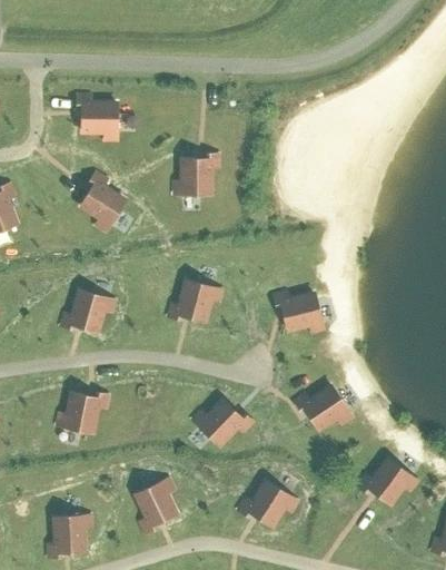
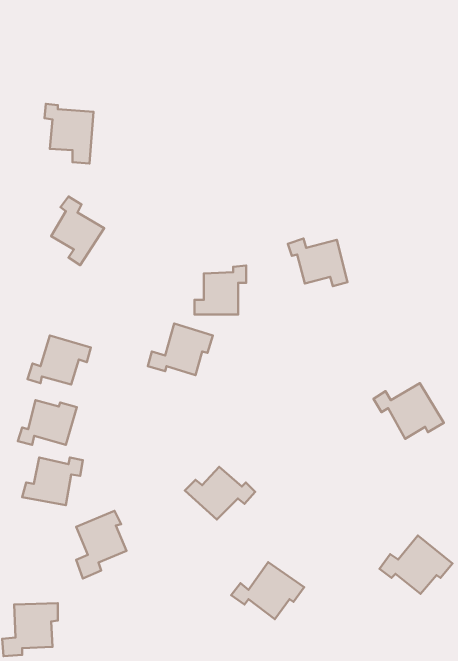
building: [176,153,219,194] -> [195,266,246,315]
building: [275,292,325,332] -> [288,239,347,286]
building: none -> [18,400,77,445]
building: [290,385,349,432] -> [373,383,444,439]
building: [132,481,175,538] -> [76,511,126,579]

